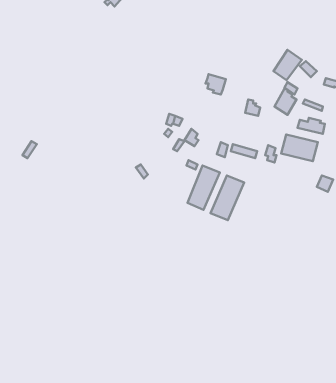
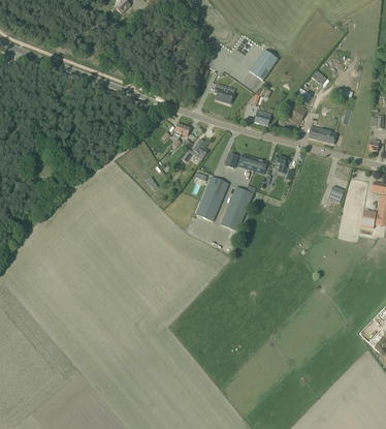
building: [273,50,302,80] -> [249,49,278,80]
building: [281,134,318,161] -> none

